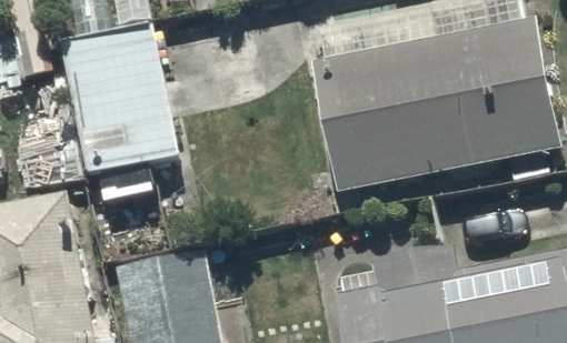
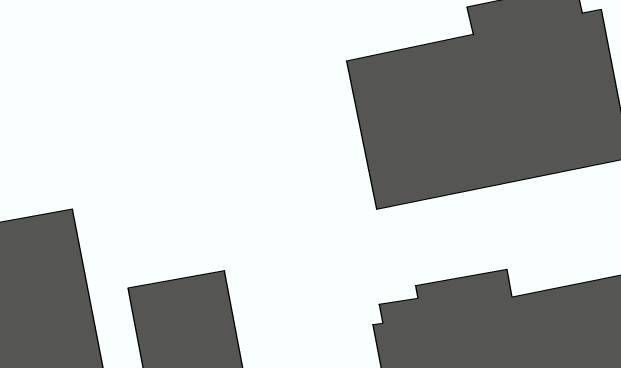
building: [63,23,179,171] -> none

